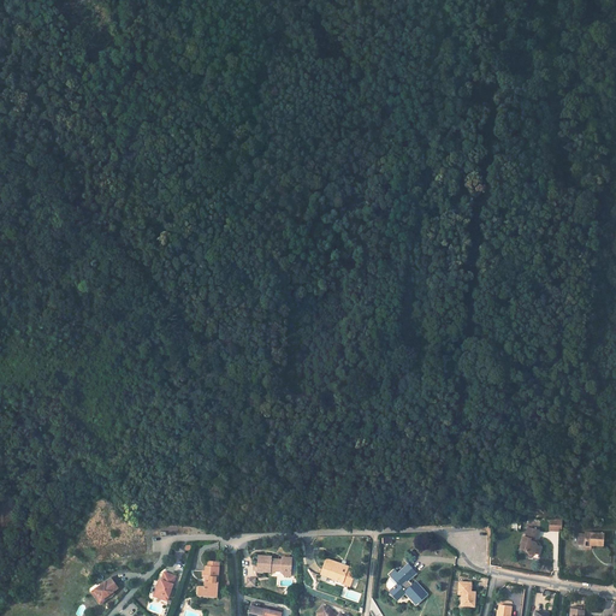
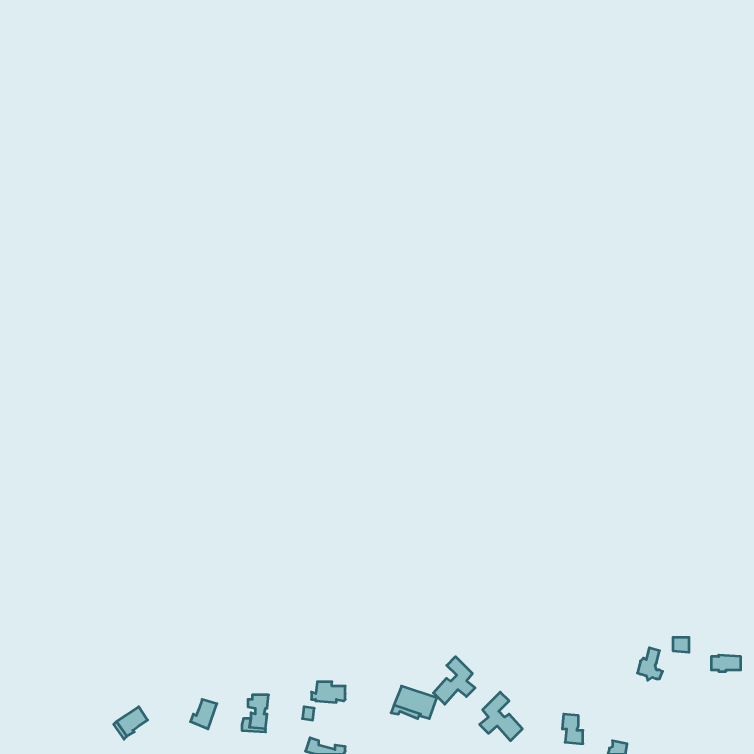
building: none -> [433,657,475,704]

